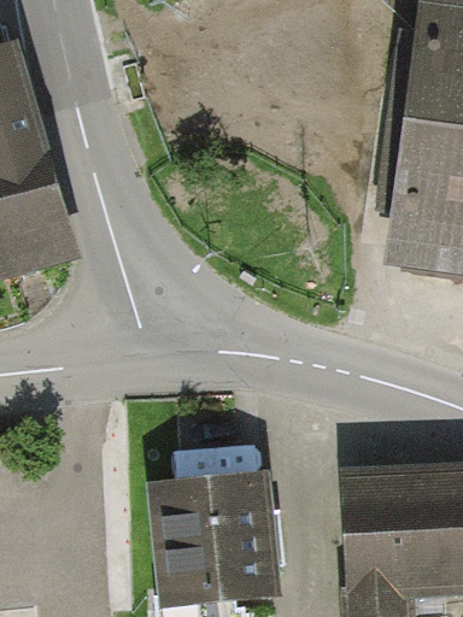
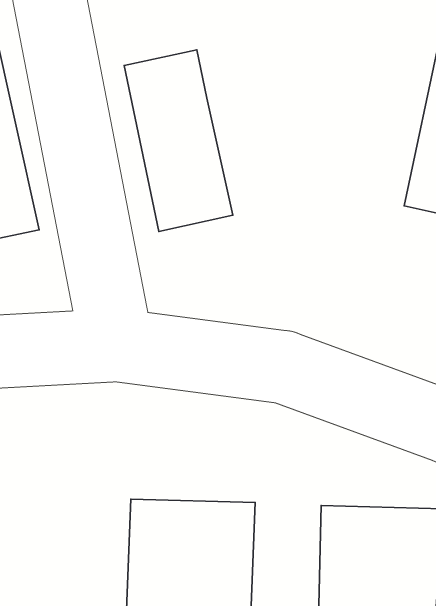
building: none -> [124,50,233,232]

